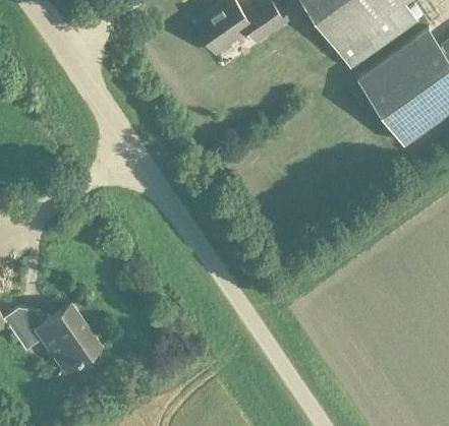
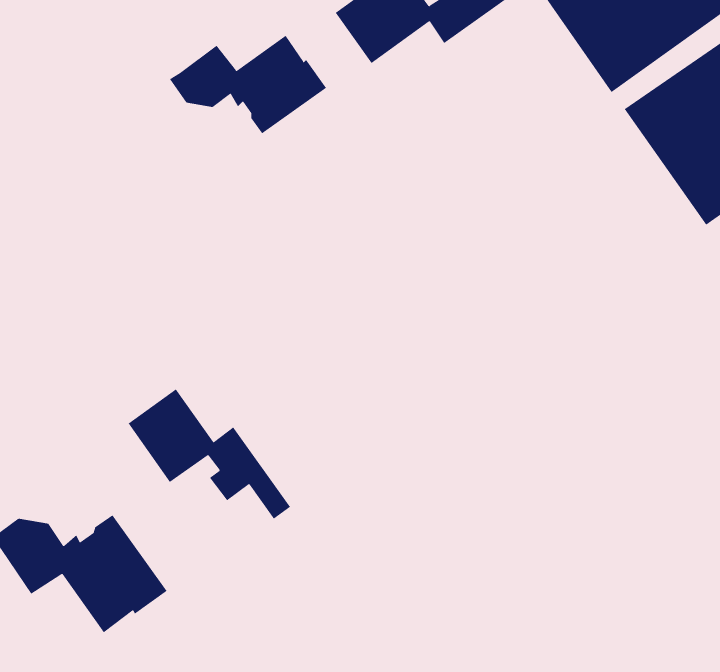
building: none -> [169,35,327,134]
building: none -> [128,389,291,520]

